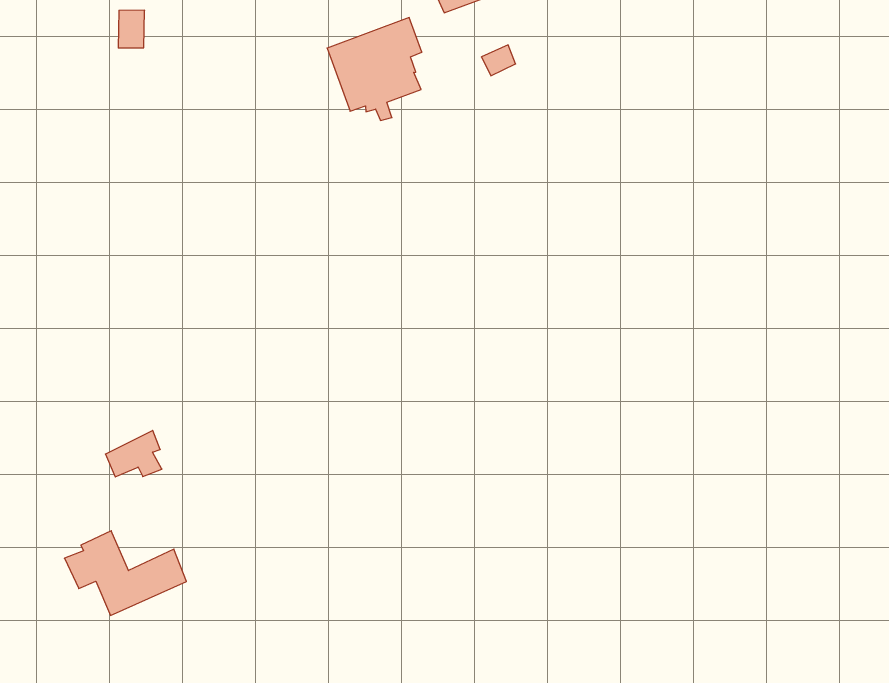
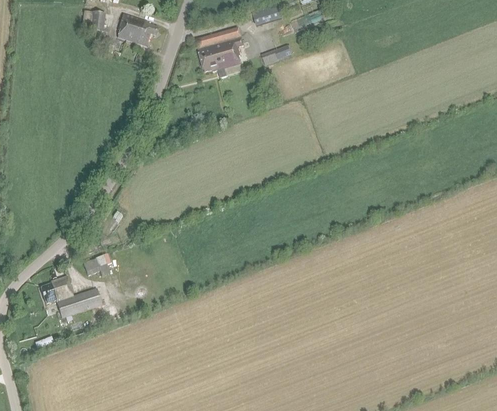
building: none -> [118,13,157,45]
building: [105,430,162,477] -> [84,252,112,275]

